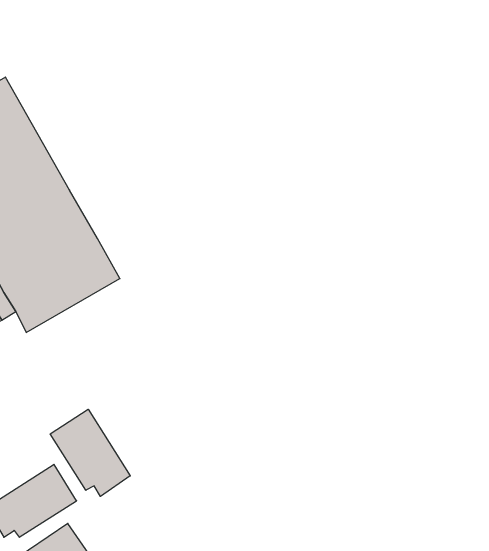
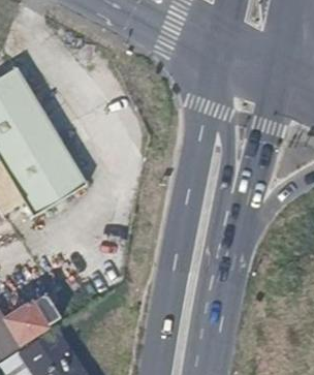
building: [50,409,130,496] -> none

